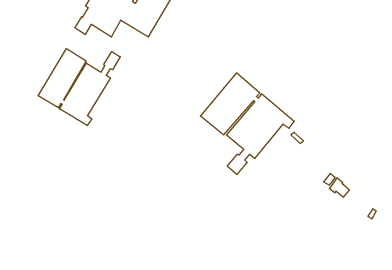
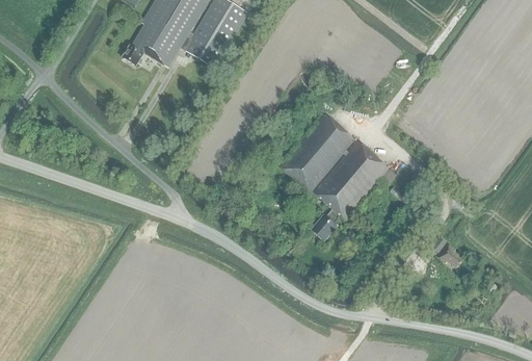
building: [38,49,120,126] -> none

